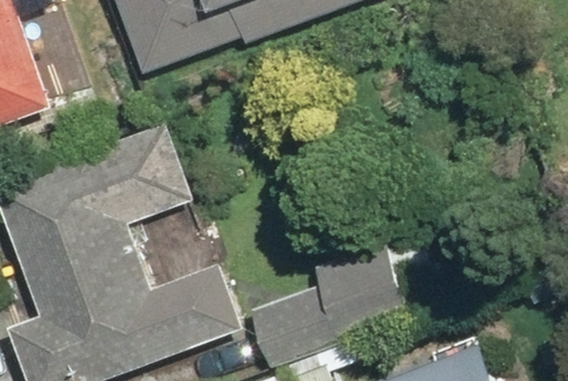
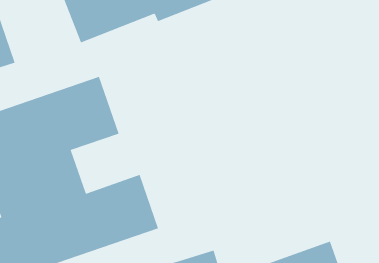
building: [256,242,420,367] -> none

